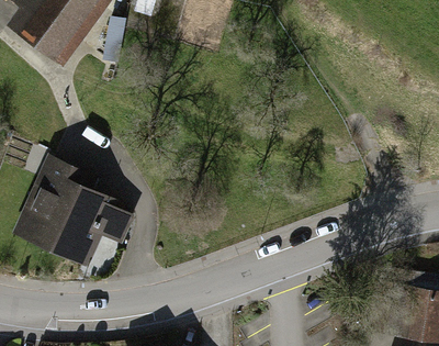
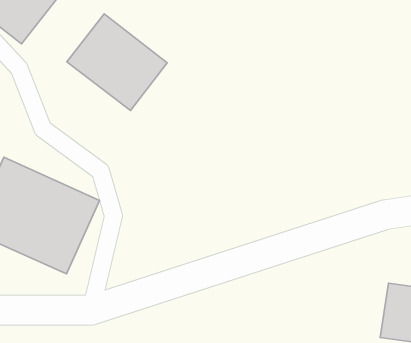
building: none -> [67,14,167,111]

